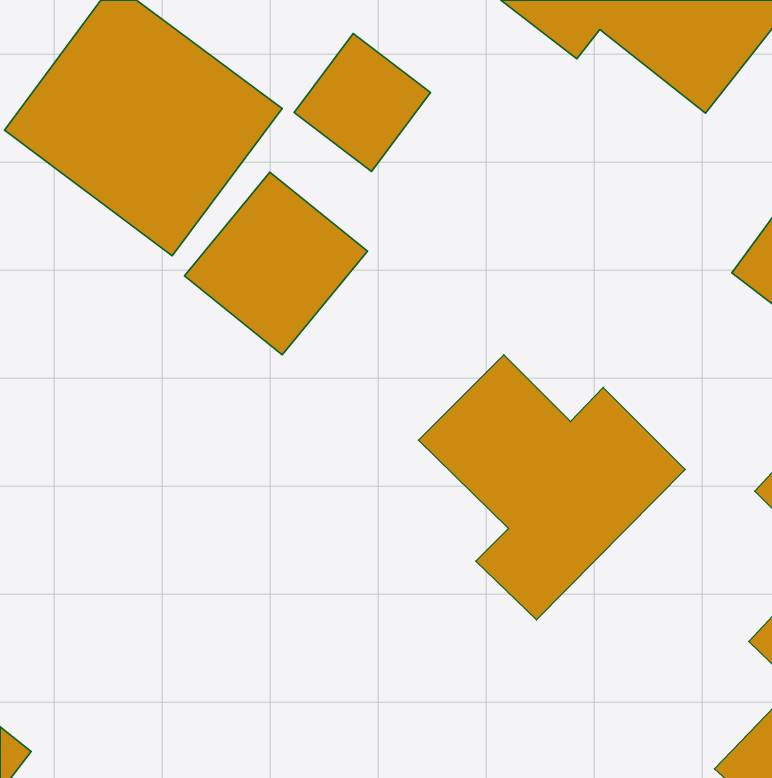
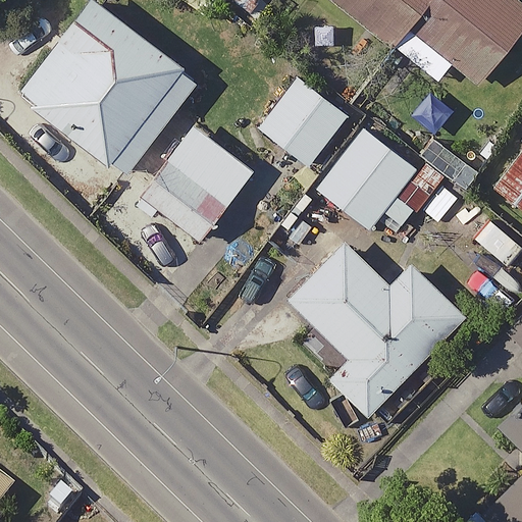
building: [294,34,431,171] -> [260,79,350,169]
building: none -> [317,129,438,230]

